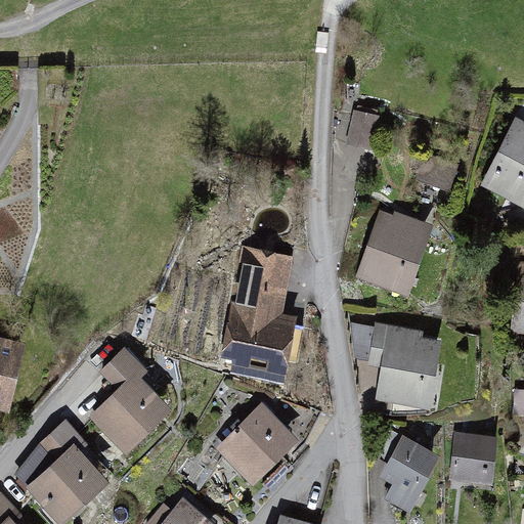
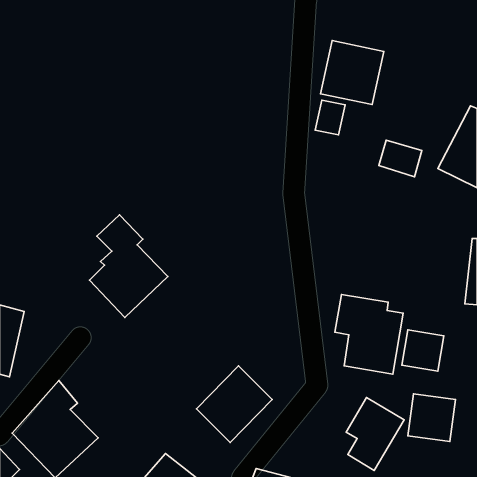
building: none -> [320,41,384,105]
building: [355,206,433,296] -> none
building: [222,247,295,384] -> none
building: [91,347,177,460] -> [89,215,168,318]
building: none -> [402,330,444,371]

